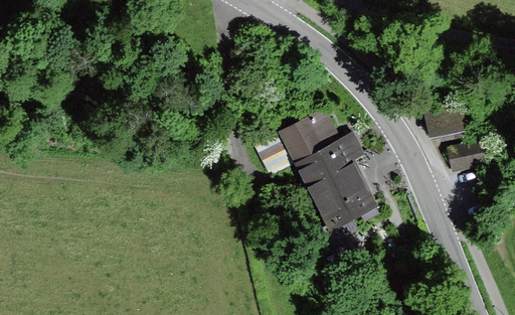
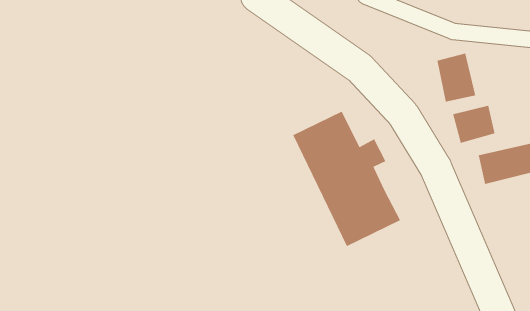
building: none -> [436,53,476,103]

